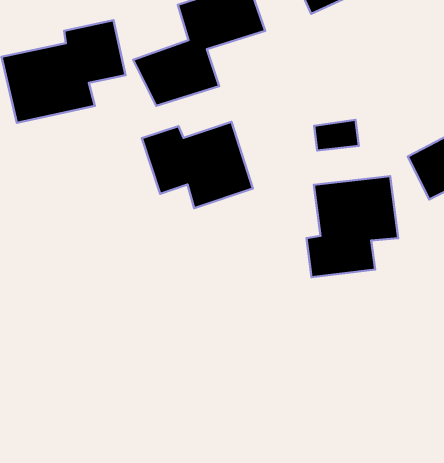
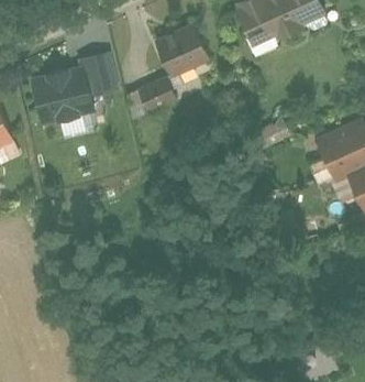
building: [142,122,253,208] -> none
building: [307,176,398,277] -> none

